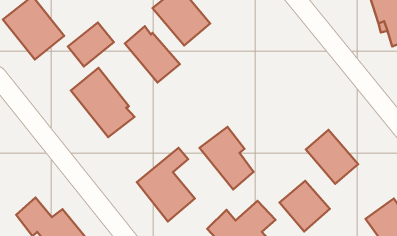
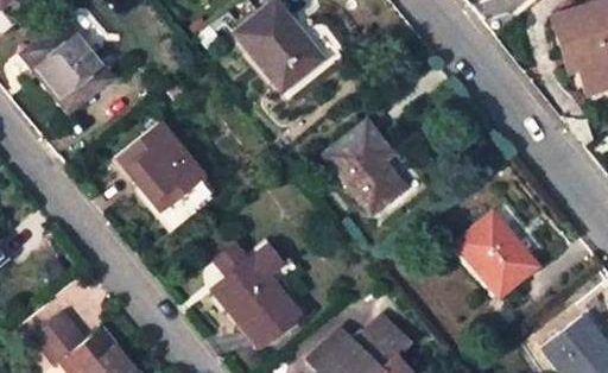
building: [68,22,114,66] -> none
building: [125,26,180,83] -> none
building: [200,127,253,190] -> [324,121,403,213]
building: [280,181,330,231] -> none

